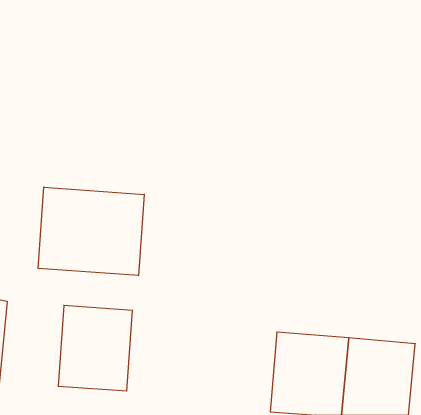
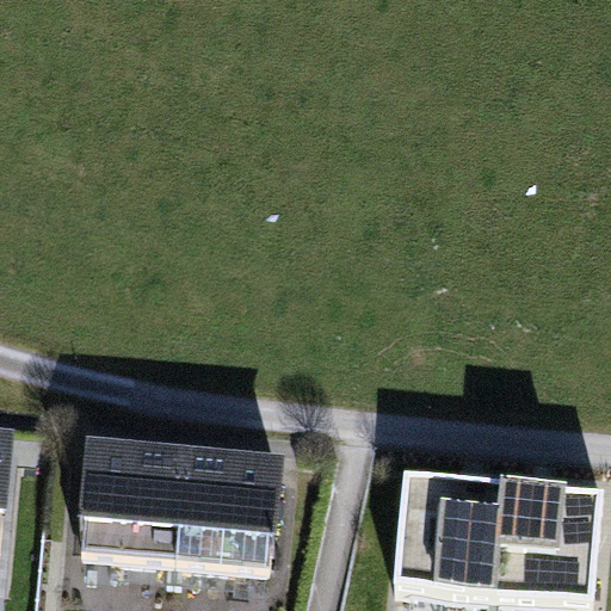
building: [38,187,144,276] -> none
building: none -> [183,448,290,569]

